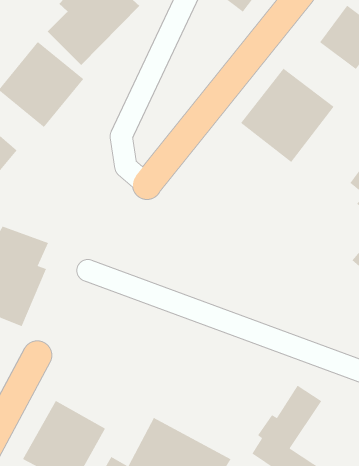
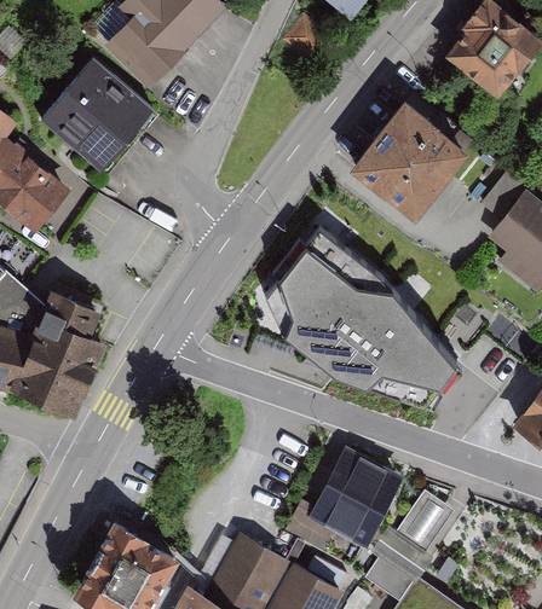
building: none -> [267,215,457,391]
building: none -> [289,449,403,550]

